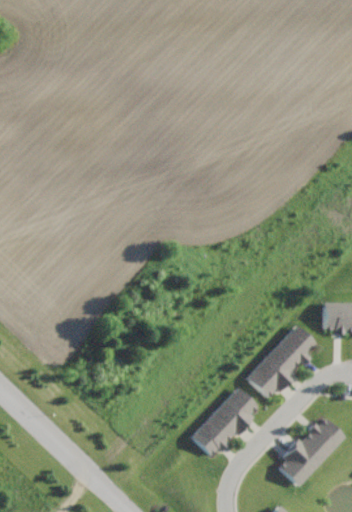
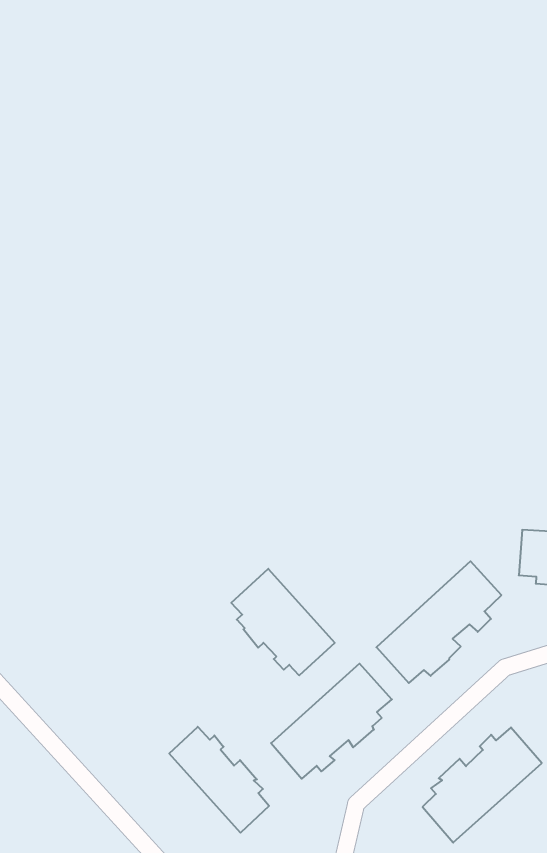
building: none -> [231,569,335,675]
building: none -> [169,727,269,833]

